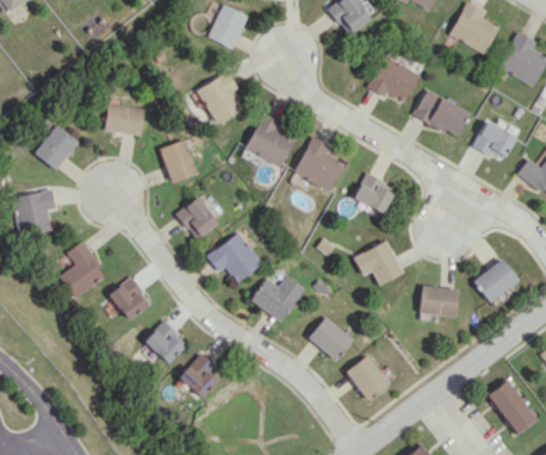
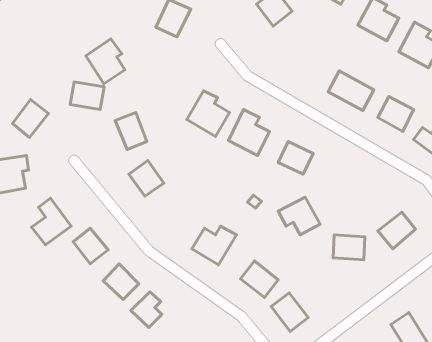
building: [367,56,420,102] -> none
building: [197,70,243,124] -> [86,39,125,84]
building: [206,232,262,283] -> none

